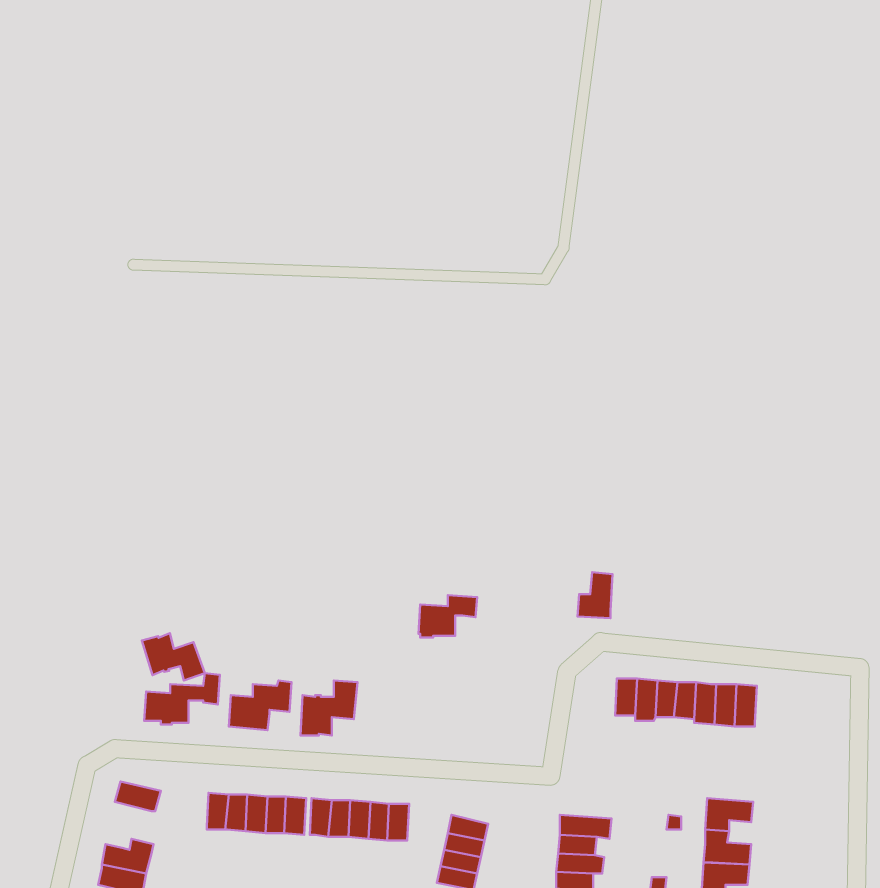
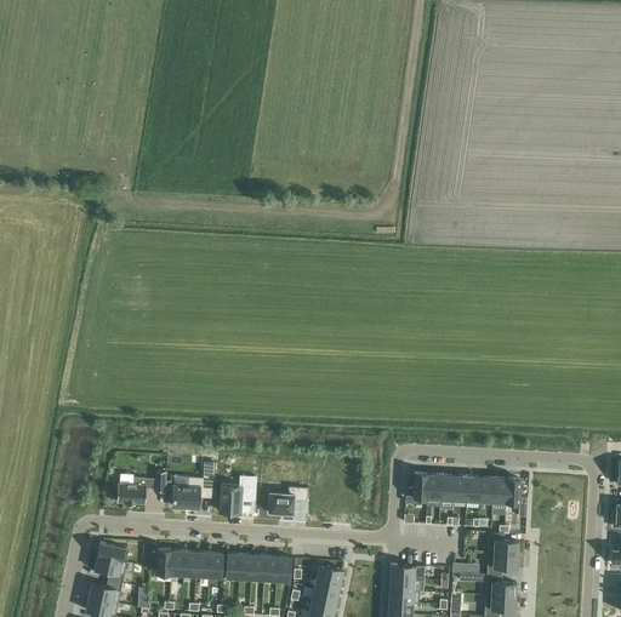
building: [577,572,612,618] -> [404,474,427,504]
building: [418,595,477,638] -> [268,487,307,515]
building: [142,633,205,680] -> none
building: none -> [486,533,518,556]
building: none -> [93,556,125,584]

